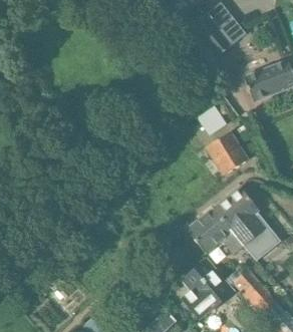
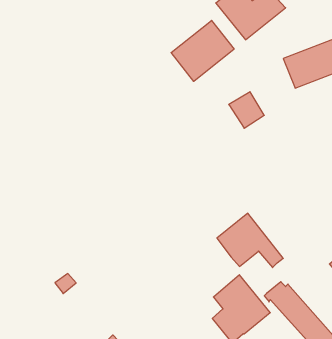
building: none -> [171,20,234,81]
building: [207,132,249,176] -> none
building: [214,187,271,251] -> none

